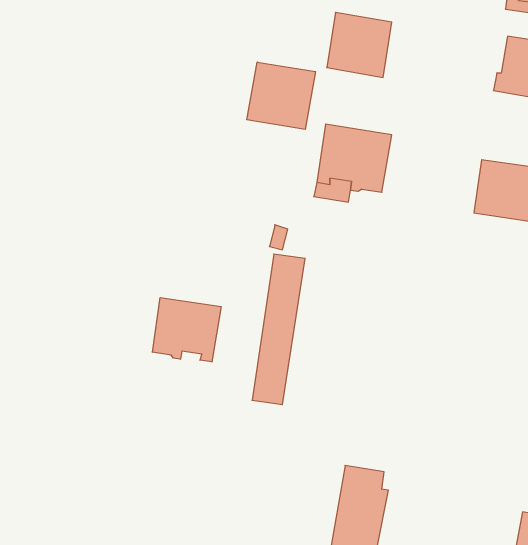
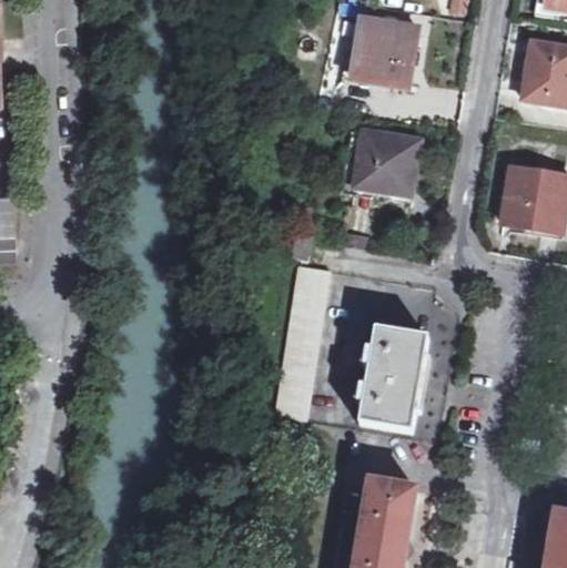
building: [247,62,316,129] -> none
building: [152,298,221,362] -> none
building: none -> [360,326,428,429]

